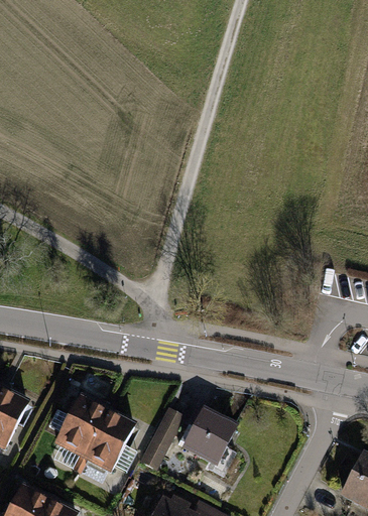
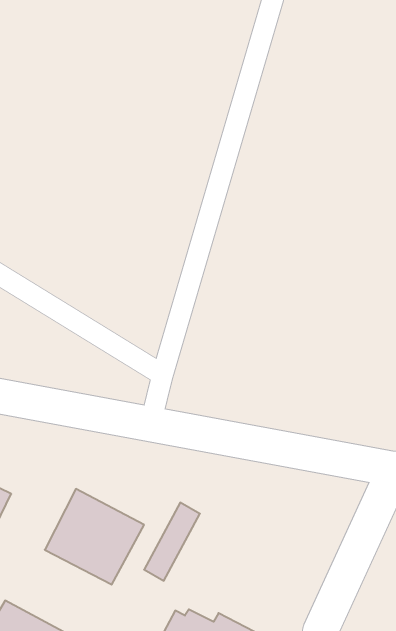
building: [176,406,240,471] -> none

